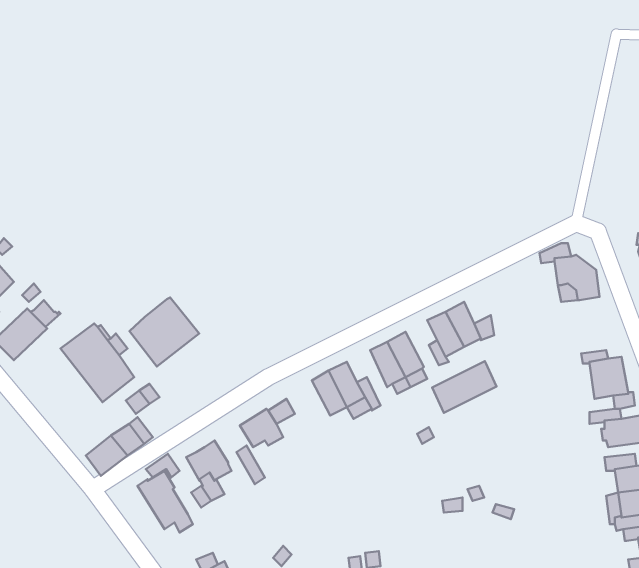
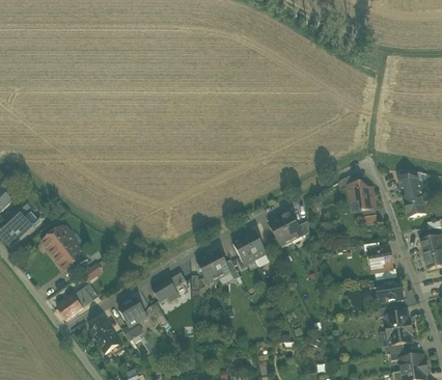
building: [129,297,199,367] -> none
building: [432,361,497,413] -> none

